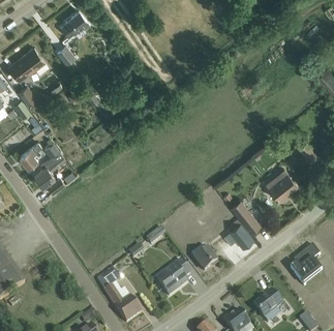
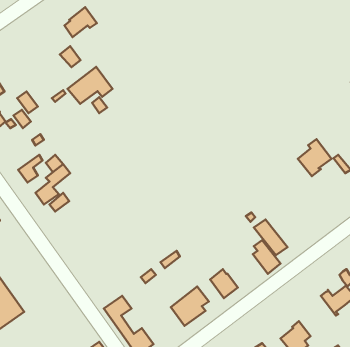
building: [8,48,49,81] -> [67,67,112,104]
building: [268,170,298,203] -> [298,139,331,176]

